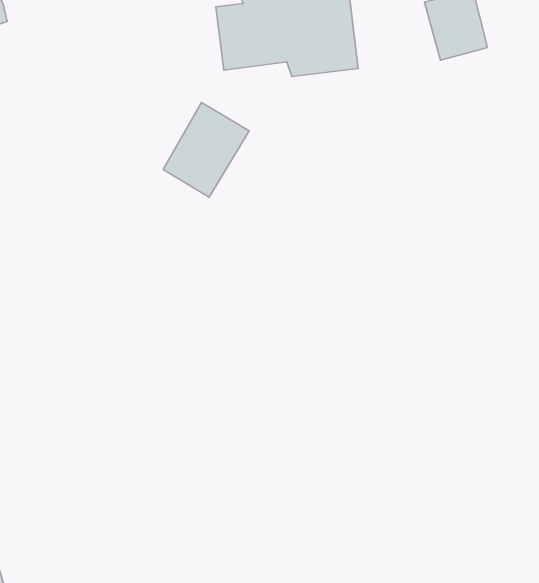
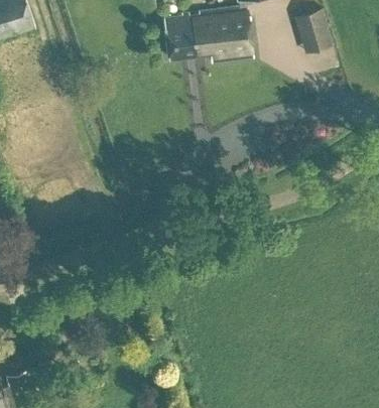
building: [163,103,249,197] -> none

